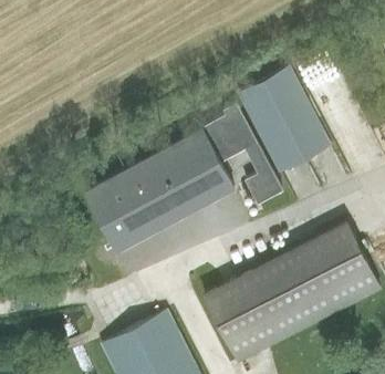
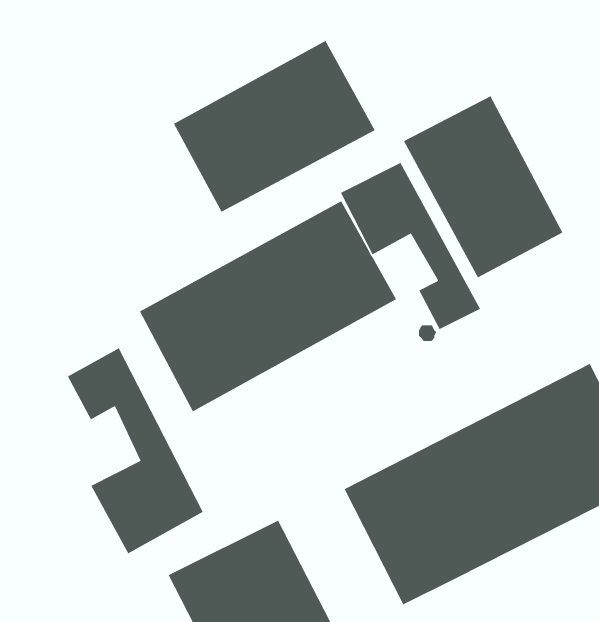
building: none -> [173,40,376,213]
building: none -> [67,347,204,554]

